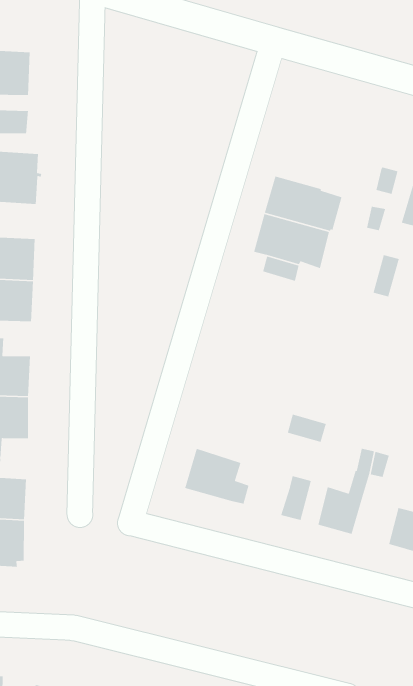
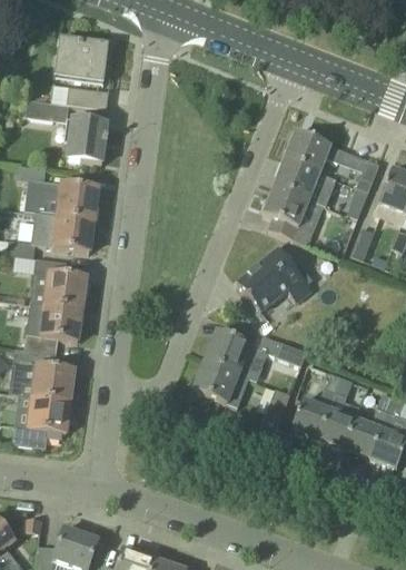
building: none -> [285,130,341,170]
building: none -> [237,247,310,309]
building: none -> [205,330,267,376]
building: none -> [317,409,354,446]

